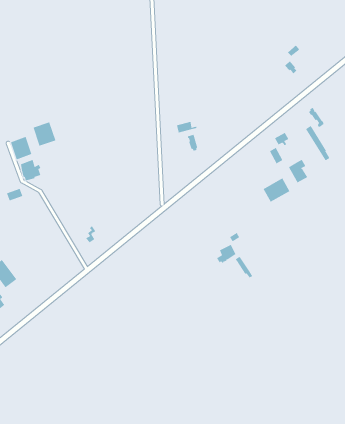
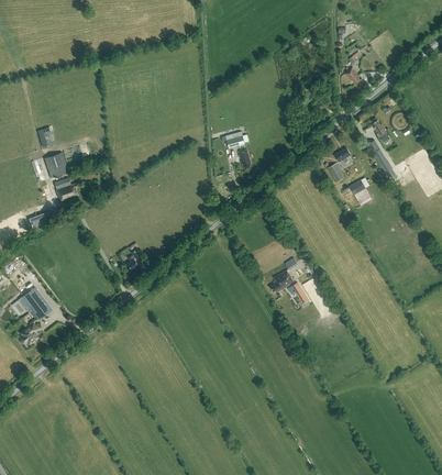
building: [33,122,56,146] -> none
building: [263,178,290,203] -> none

